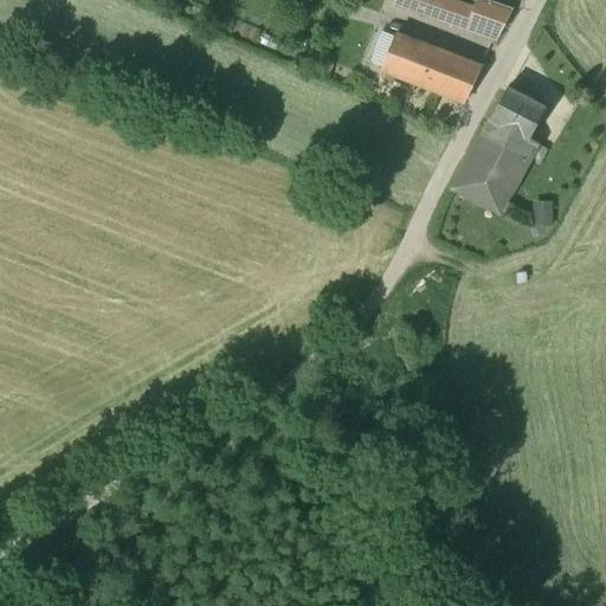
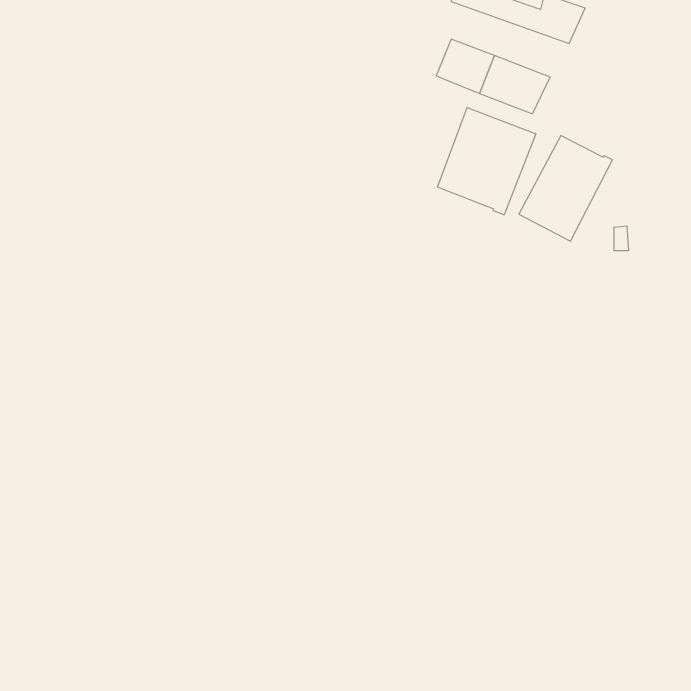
building: [491,86,546,137] -> none
building: none -> [438,107,536,215]

